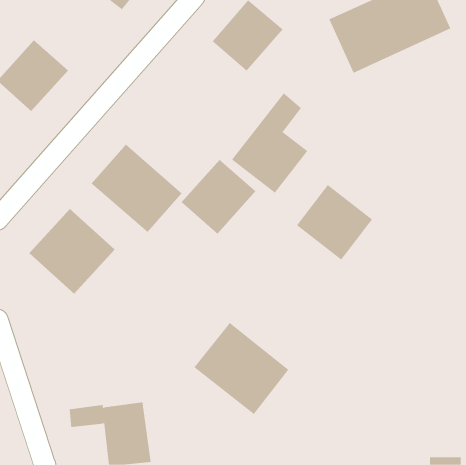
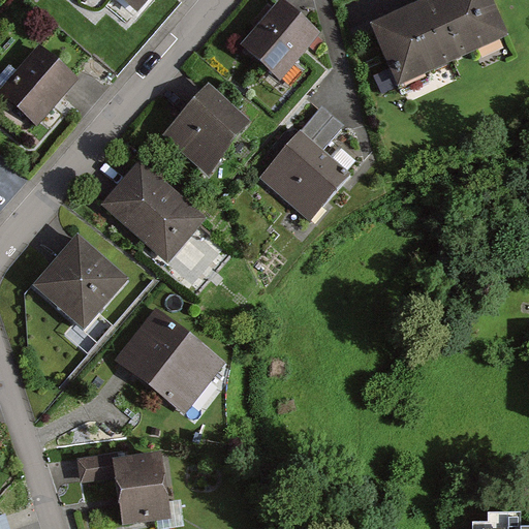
building: [181,159,256,234] -> [163,85,248,169]
building: [296,184,373,261] -> none
building: [194,322,289,415] -> [116,309,223,413]

